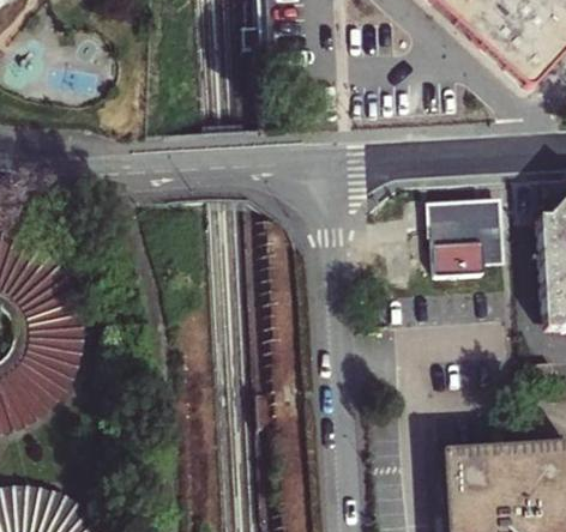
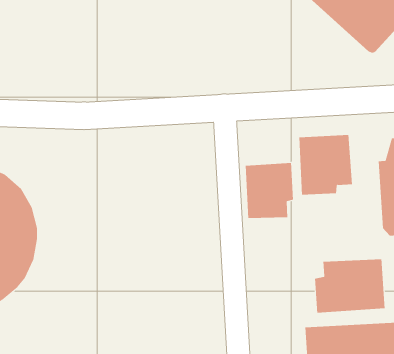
building: none -> [245,162,293,219]
building: none -> [314,258,385,314]

